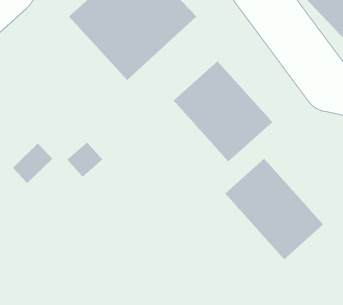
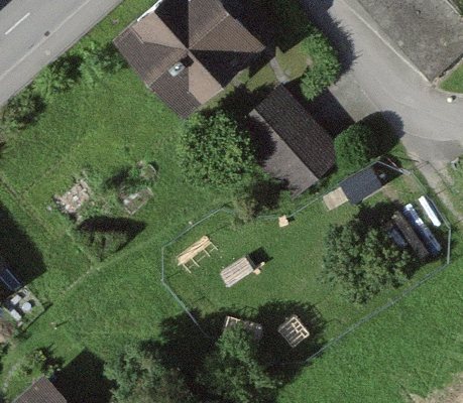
building: [224,158,324,260] -> none

